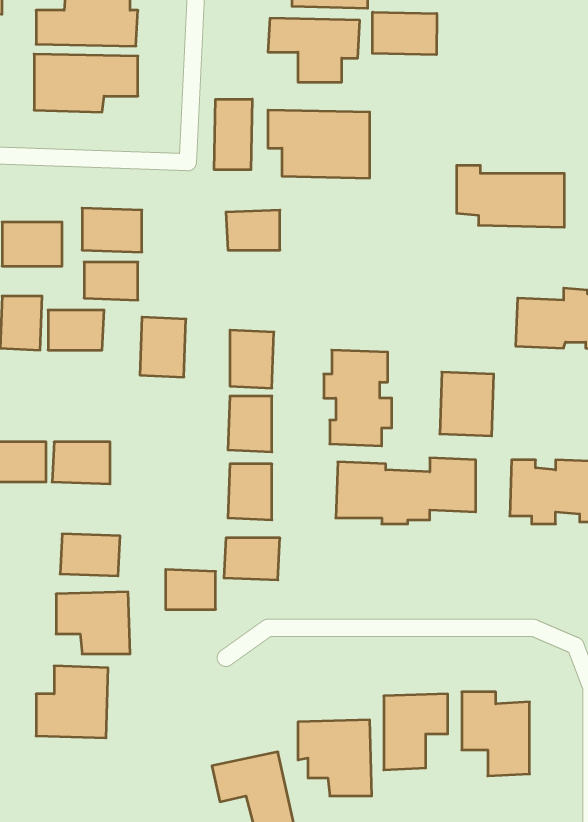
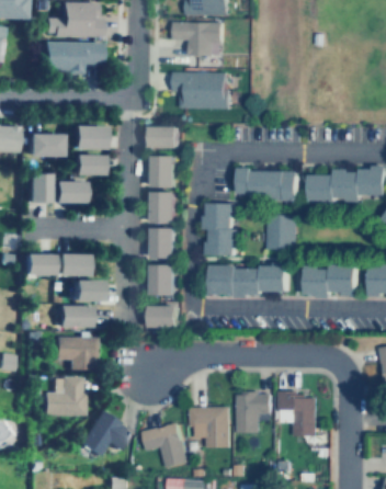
building: [372,12,437,55] -> none
building: [214,99,252,170] -> none
building: [457,165,564,227] -> [238,168,297,202]
building: [140,317,186,377] -> [151,156,177,189]
building: [166,569,216,609] -> [71,280,99,302]
building: none -> [81,411,132,455]

